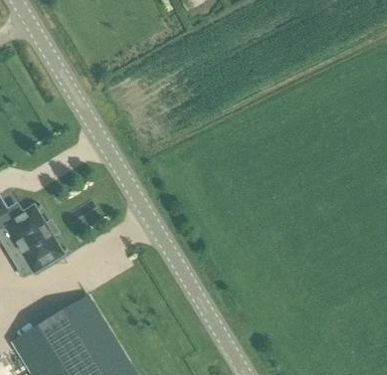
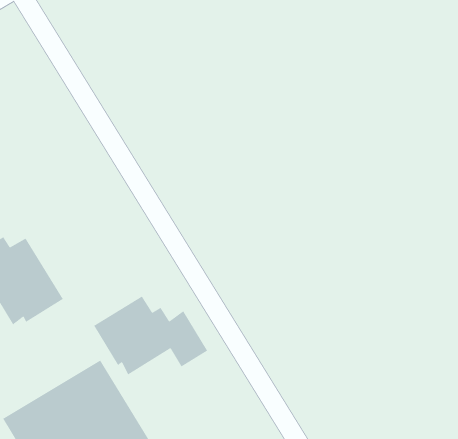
building: none -> [93,296,208,375]

